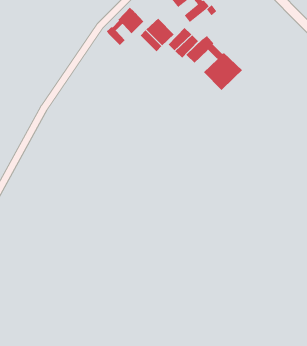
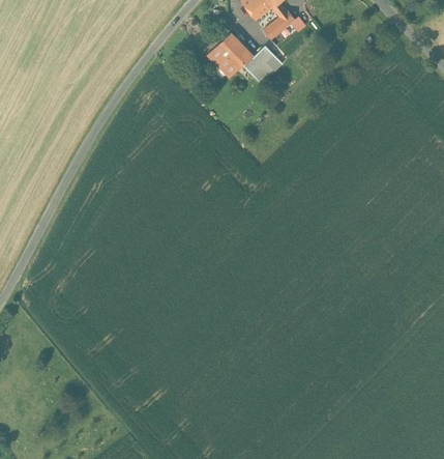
building: [106,7,144,46] -> none
building: [186,35,243,91] -> none

